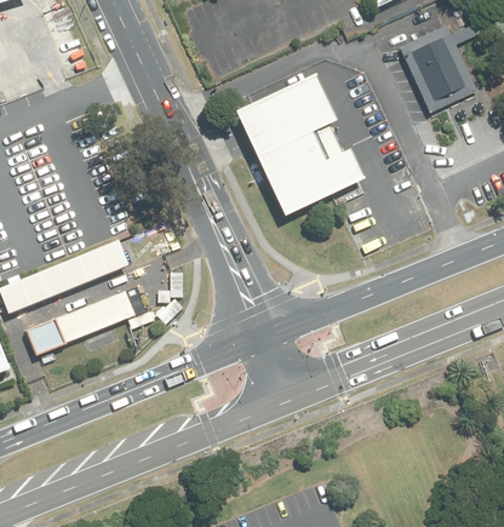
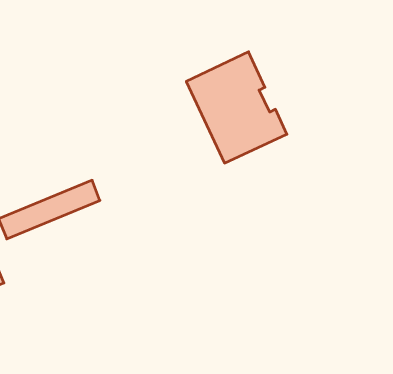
building: [389,24,466,110] -> none
building: [27,290,134,354] -> none

